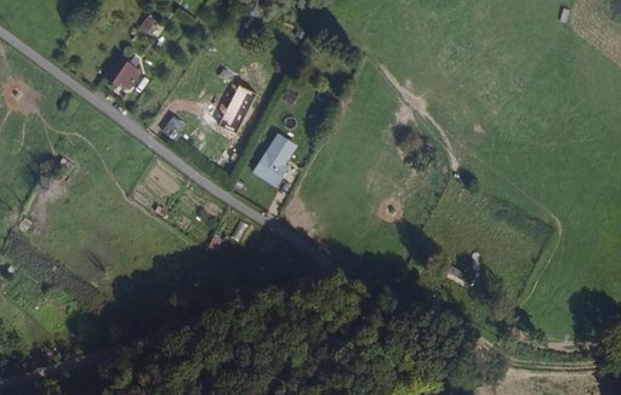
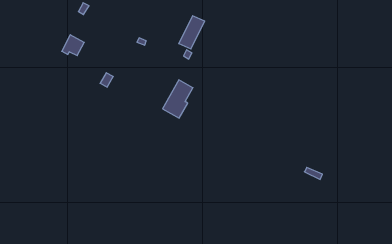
building: [217,85,256,132] -> [179,16,205,49]

